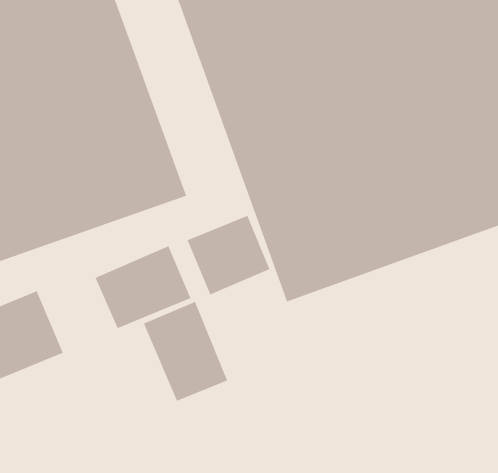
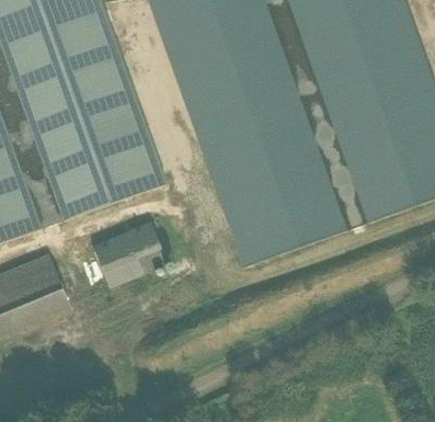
building: [186,215,270,296] -> none
building: [143,301,228,402] -> none

